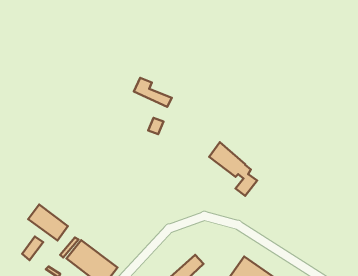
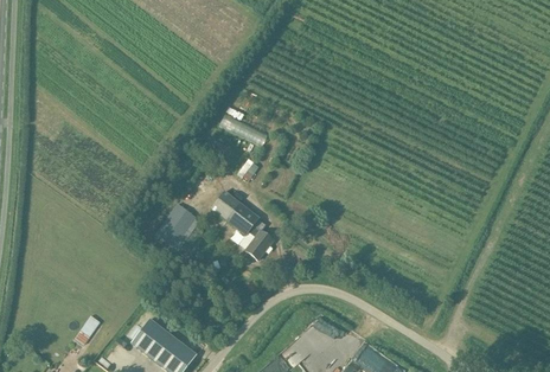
building: [209,142,257,196] -> [211,190,274,259]
building: none -> [155,203,197,248]
building: [28,204,68,241] -> none

